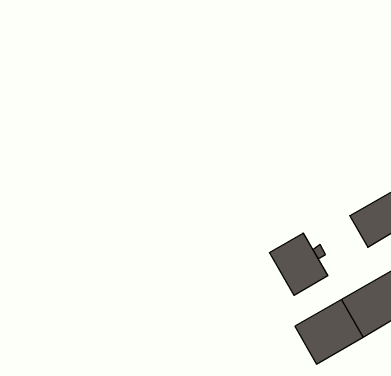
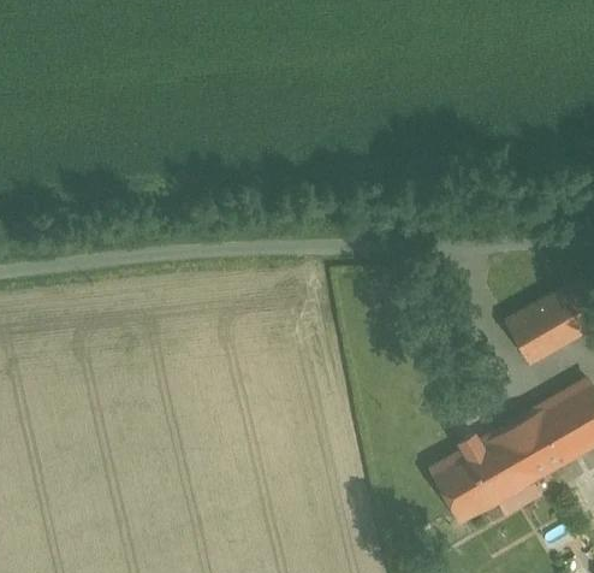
building: [269,233,328,295] -> none

